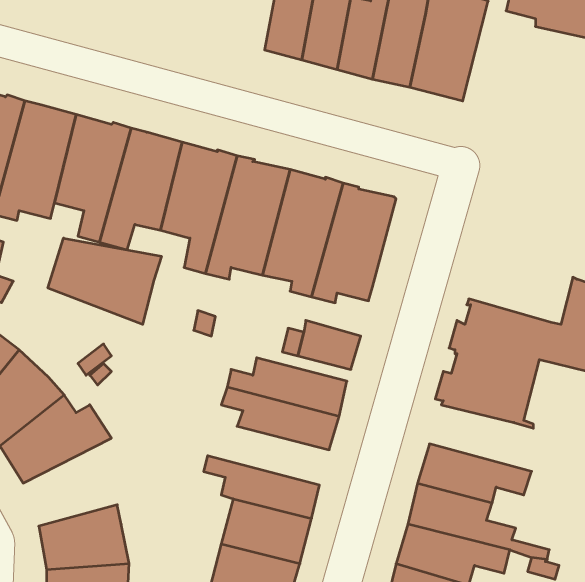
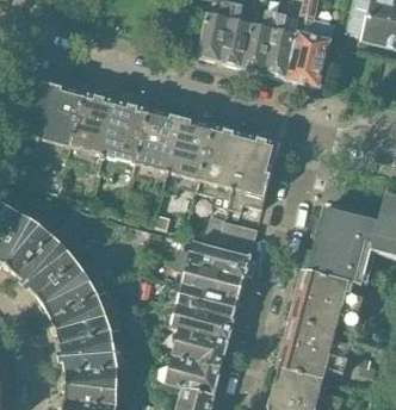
building: [48,238,161,324] -> none
building: none -> [298,268,363,310]
building: none -> [163,282,237,318]
building: none -> [51,290,119,343]

